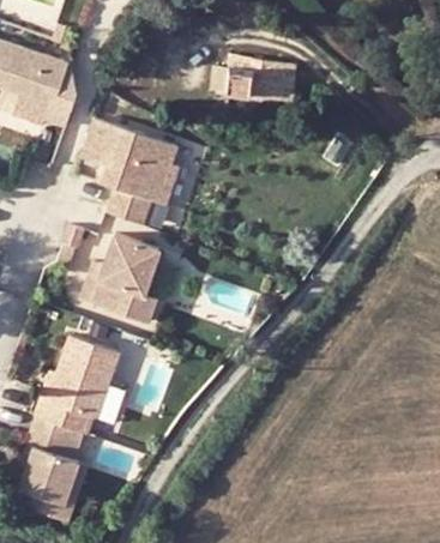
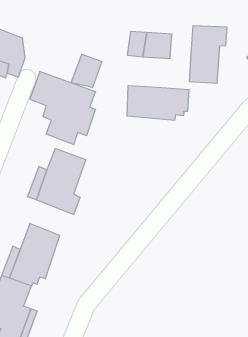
building: none -> [190,26,227,83]
building: none -> [71,54,102,88]
building: none -> [127,86,189,120]

